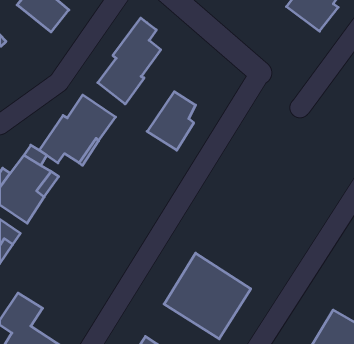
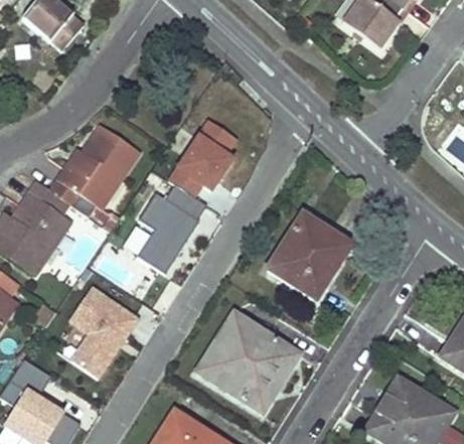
building: [98,18,161,104] -> none
building: none -> [138,184,205,272]
building: none -> [267,213,349,298]
building: none -> [69,289,137,378]

